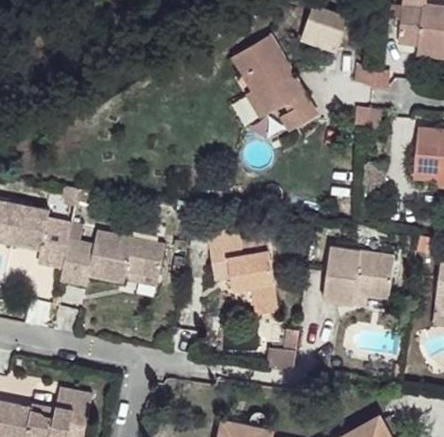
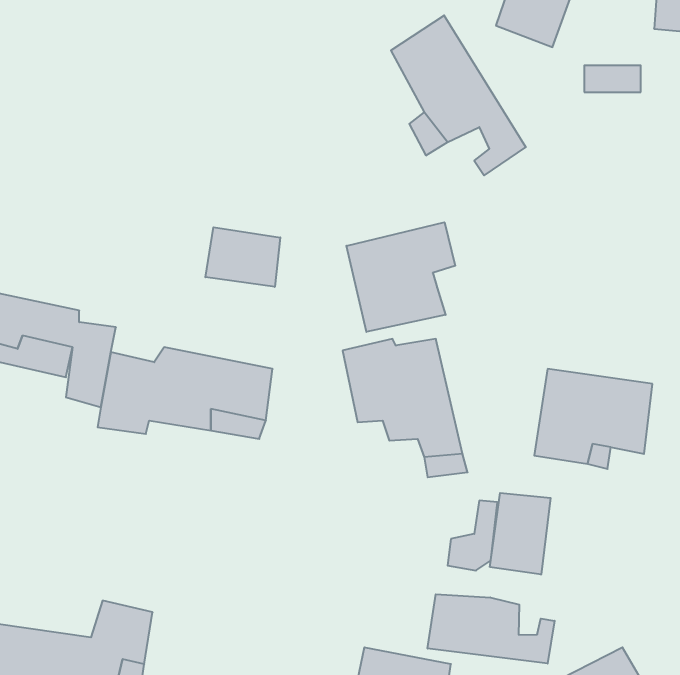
building: none -> [346,222,455,332]
building: none -> [205,227,280,287]
building: none -> [490,493,551,575]
building: none -> [428,594,555,664]

